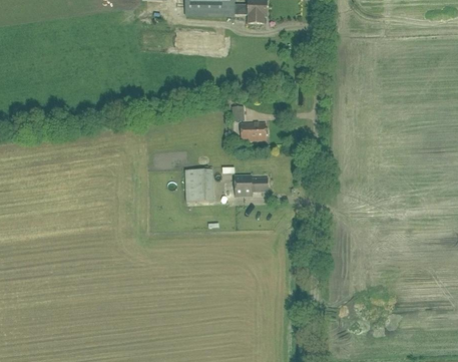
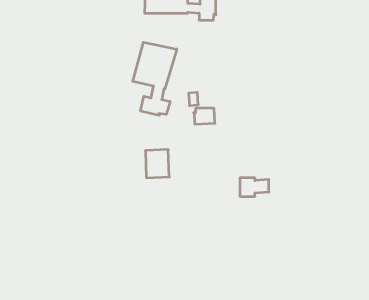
building: none -> [133,42,177,115]
building: [235,175,268,197] -> [240,178,269,196]

